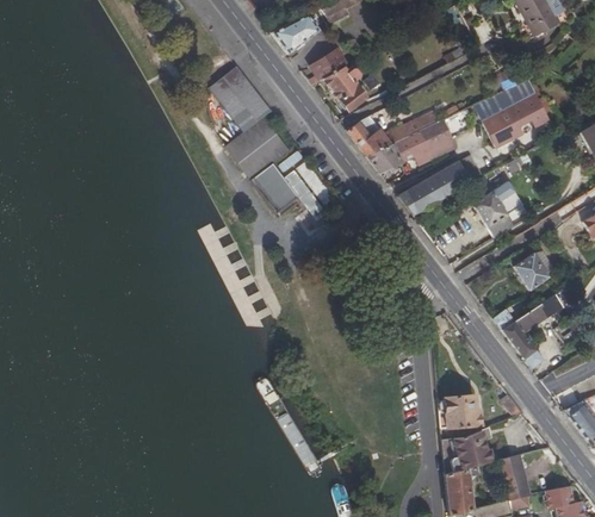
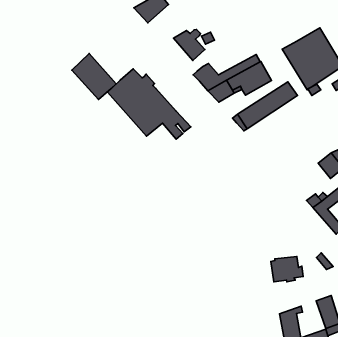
building: [309,50,347,85] -> none
building: [210,66,271,131] -> [72,53,116,100]
building: [472,180,522,237] -> none
building: [441,426,492,474] -> none

